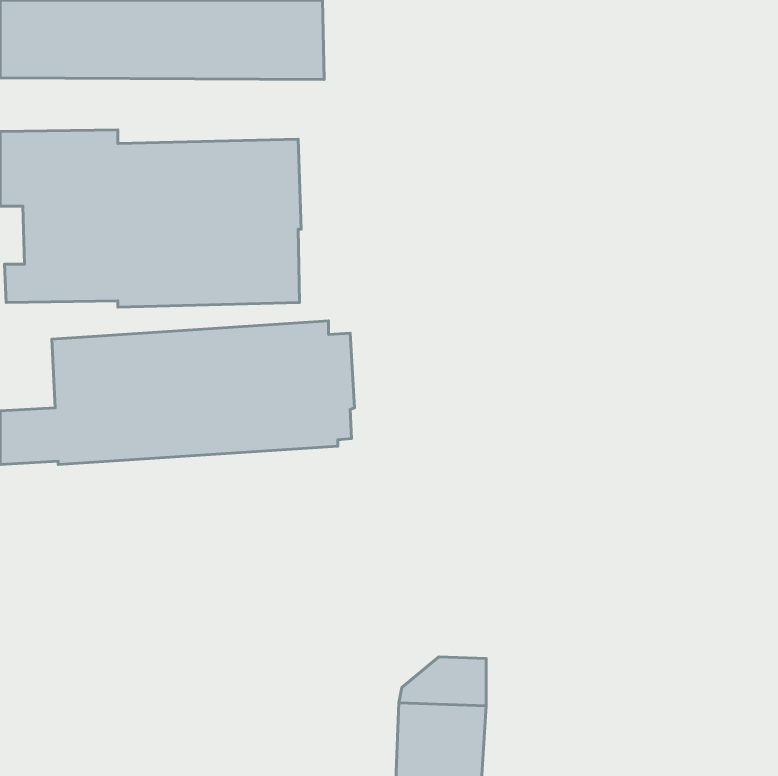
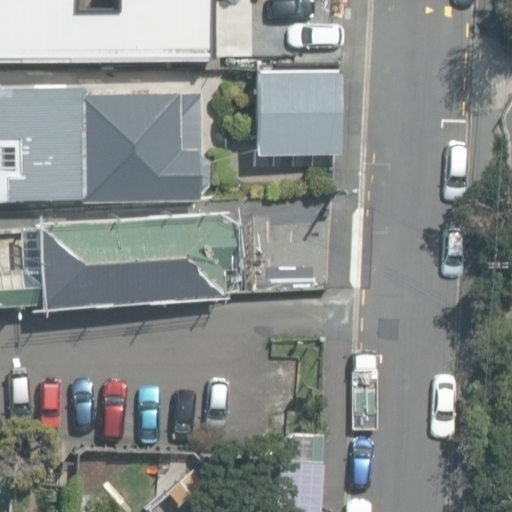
building: none -> [255,73,338,156]

